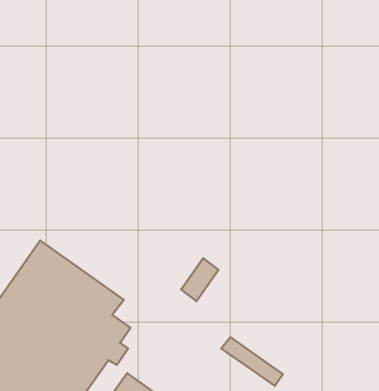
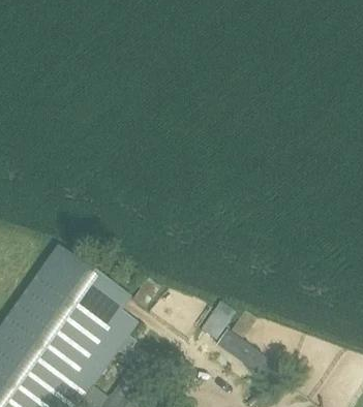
building: [181,258,218,301] -> [203,302,236,340]

